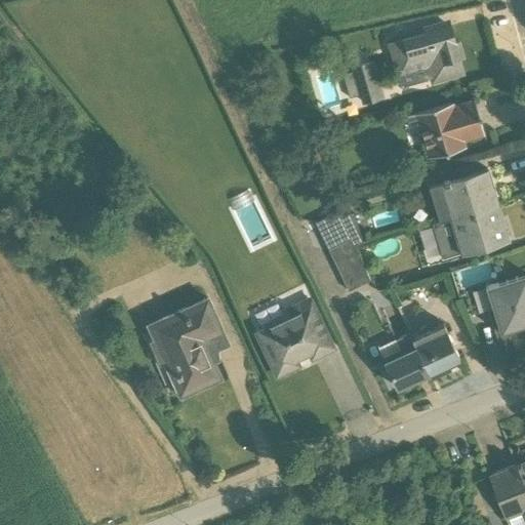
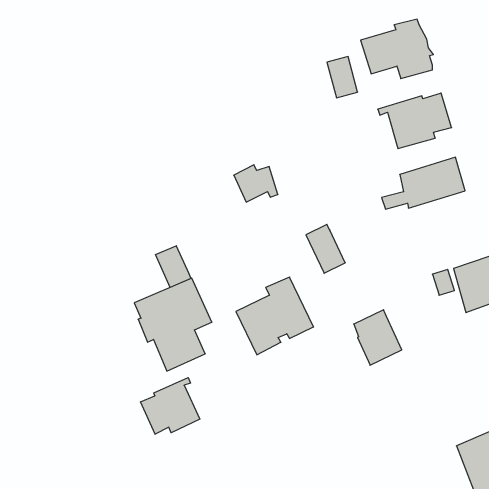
building: [431,205,510,259] -> none
building: [315,212,362,252] -> [234,165,278,202]
building: none -> [155,246,191,287]
building: [414,325,459,375] -> none
building: none -> [141,378,200,434]

